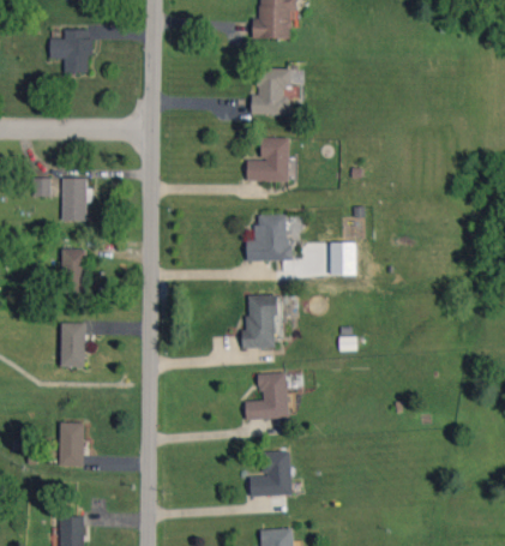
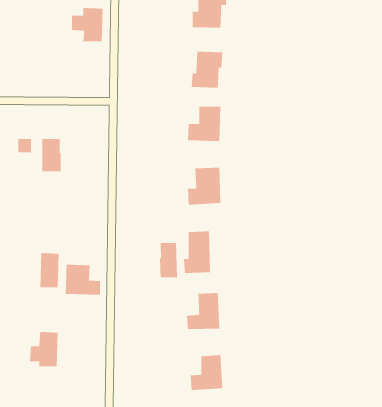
building: [49,29,90,72] -> [71,7,104,42]
building: [331,242,355,275] -> none
building: [62,248,84,290] -> none
building: none -> [160,242,177,278]
building: none -> [65,264,101,296]

